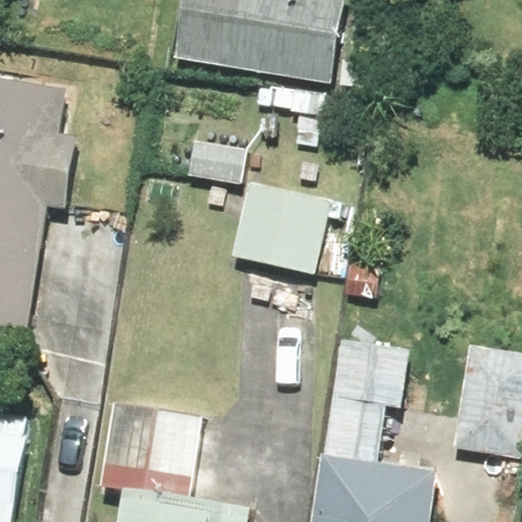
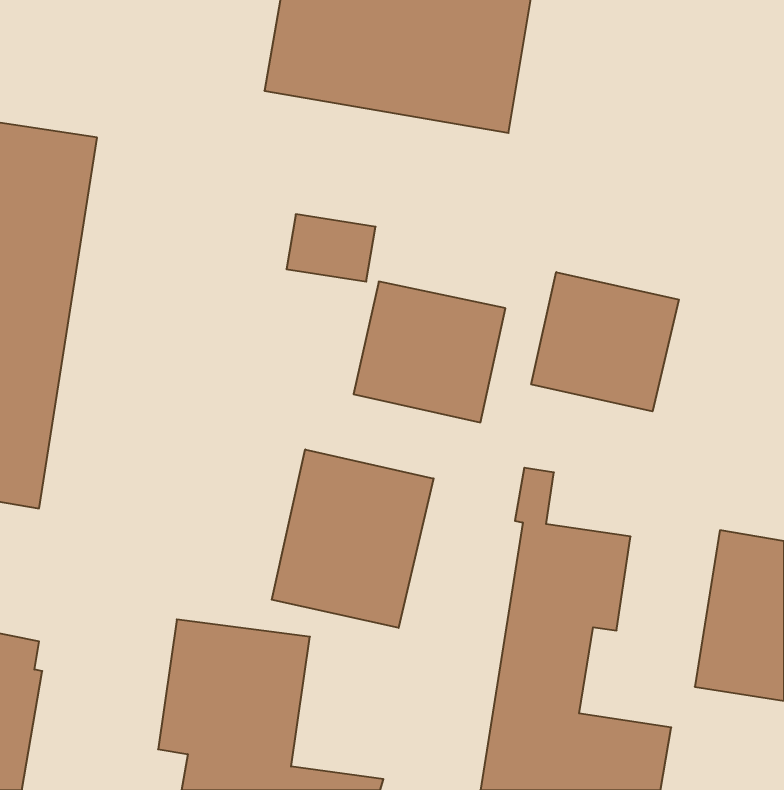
building: none -> [531,272,679,411]
building: none -> [272,449,434,628]

